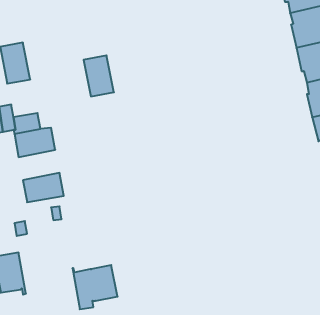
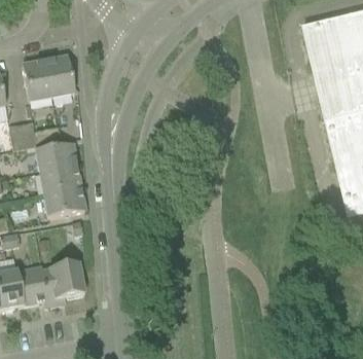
building: [84,55,114,96] -> [45,56,75,96]
building: none -> [41,165,81,194]
building: [72,265,118,309] -> [41,262,85,306]

